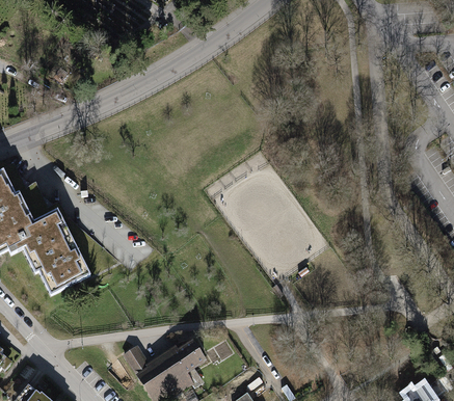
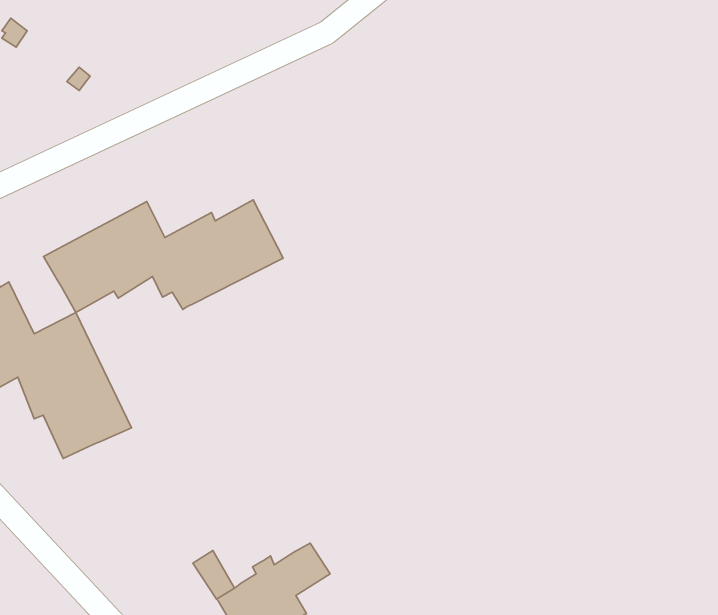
building: none -> [43,200,283,312]

